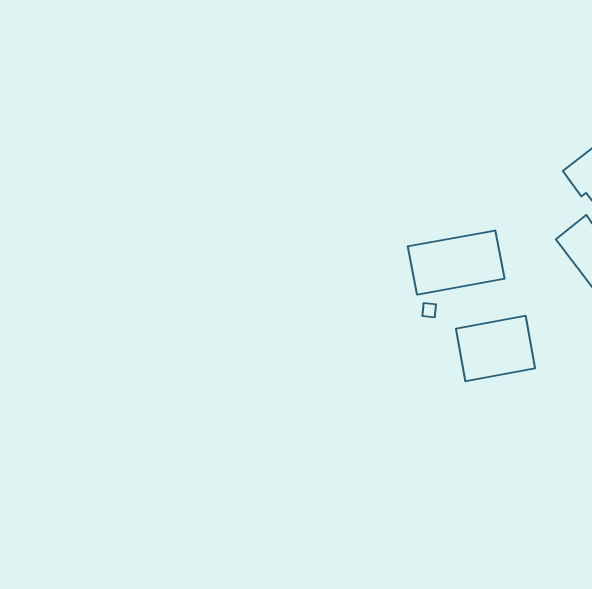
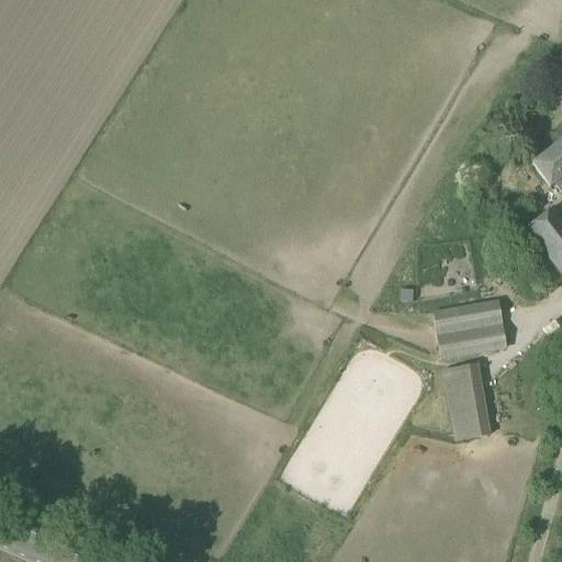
building: [408,230,504,295] -> none
building: none -> [442,362,492,440]

